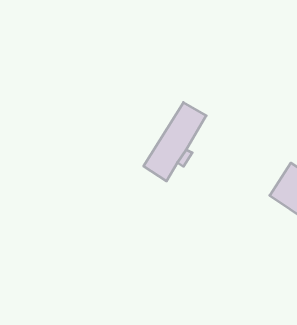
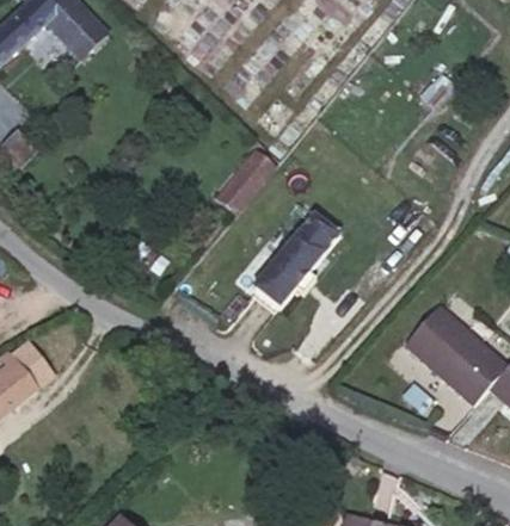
building: none -> [215,150,275,214]

